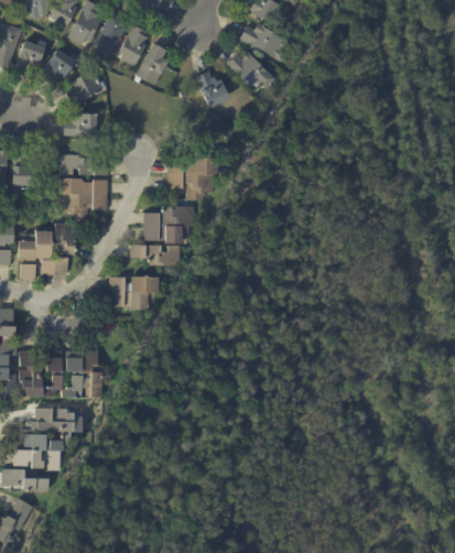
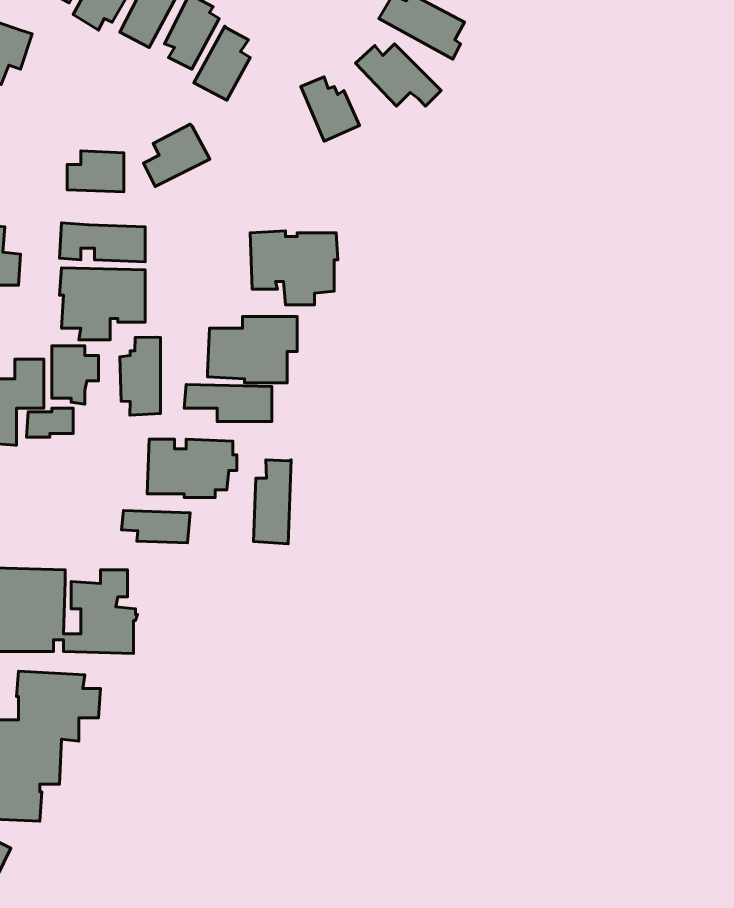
building: [39,48,79,83] -> none
building: [66,69,104,105] -> [143,124,210,186]
building: none -> [120,337,161,415]
building: none -> [253,460,291,544]
building: none -> [122,510,190,543]

